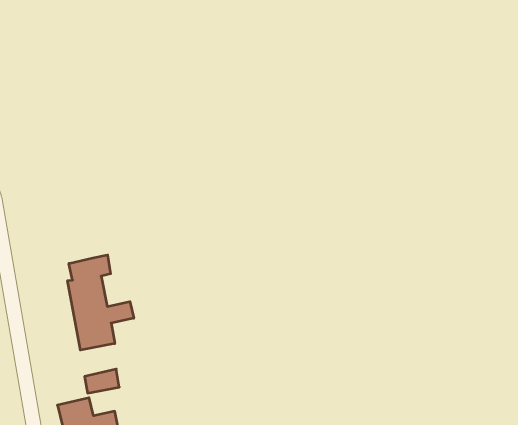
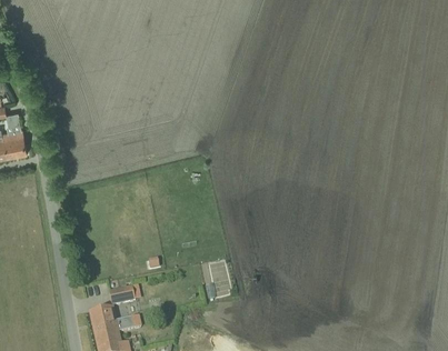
building: [68,255,134,350] -> none

